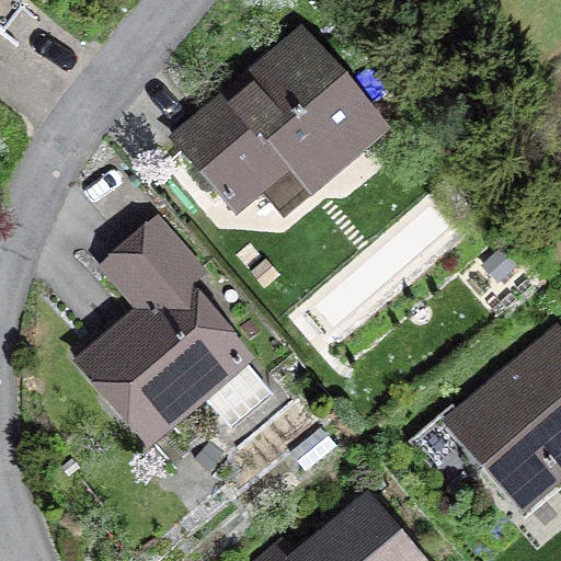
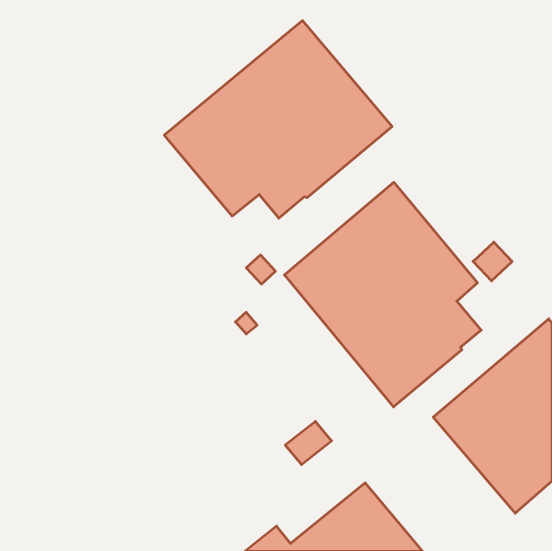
building: none -> [284,182,481,407]
building: [70,215,273,454] -> none

